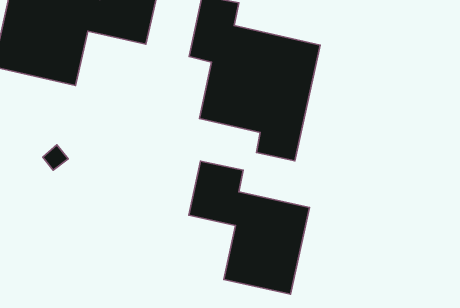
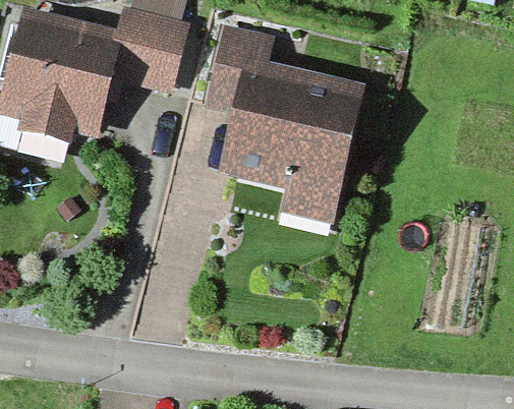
building: [189,161,309,294] -> none

